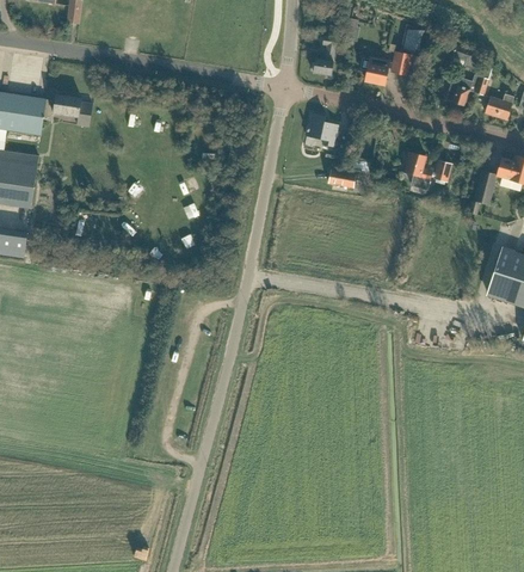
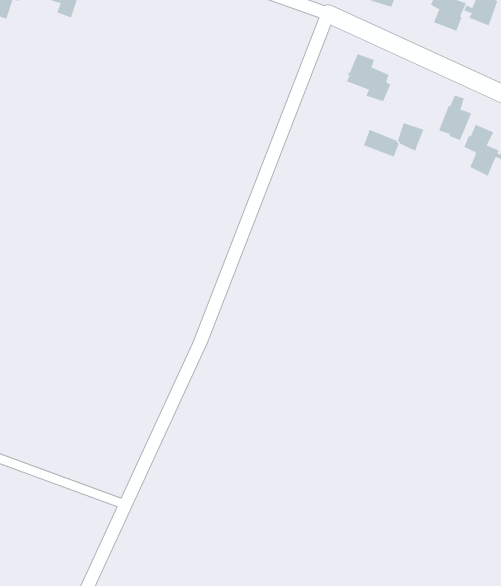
building: none -> [438,95,472,141]

